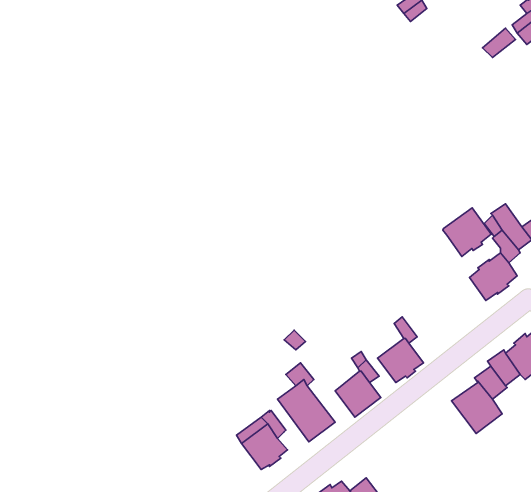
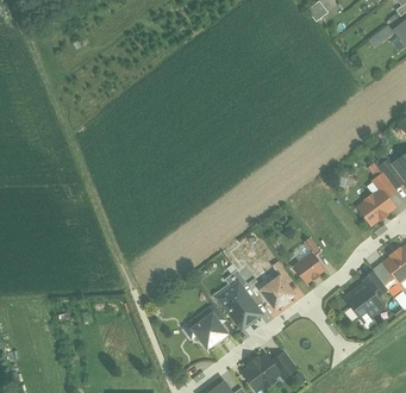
building: [443,208,491,256] -> none

